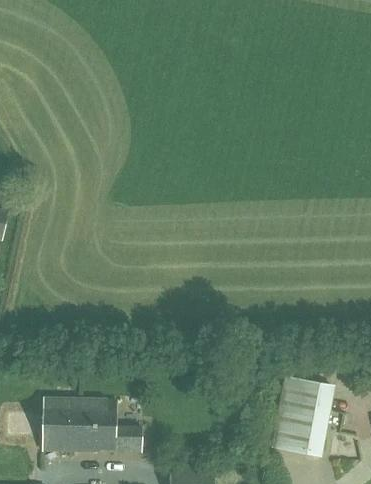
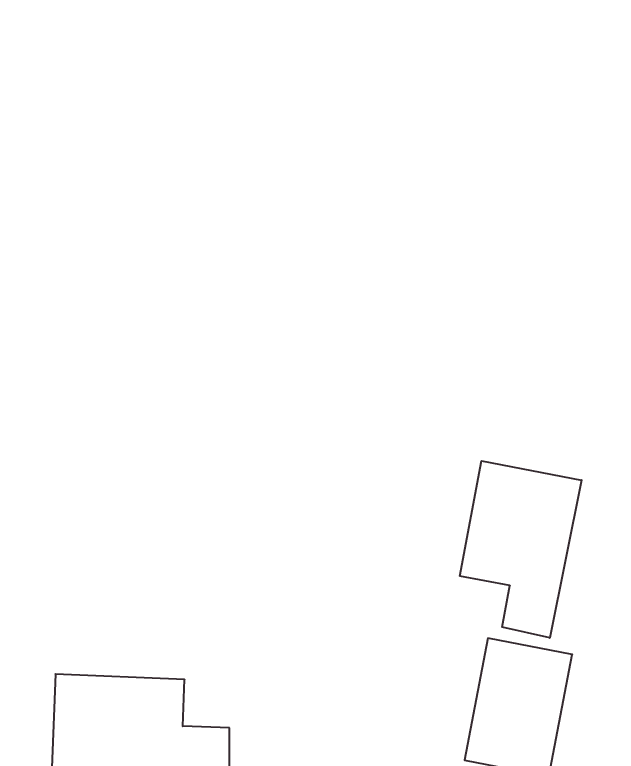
building: none -> [460,461,582,638]

